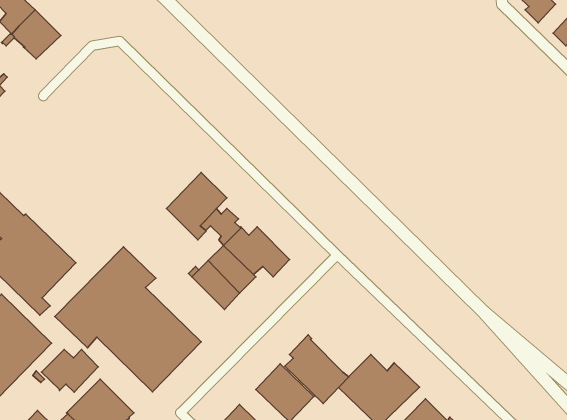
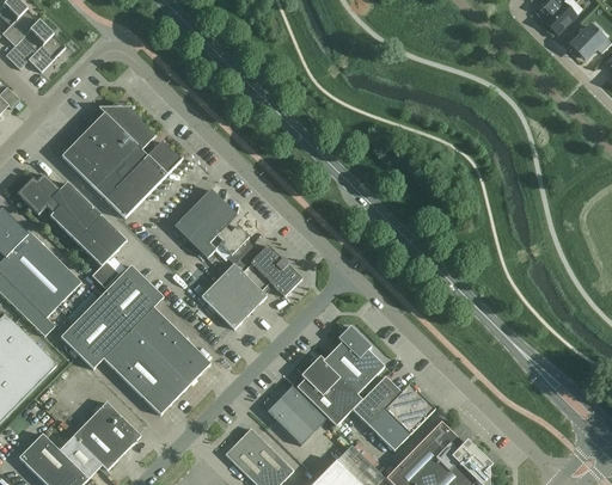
building: none -> [61,102,183,216]
building: none -> [17,173,127,287]
building: none -> [323,325,385,393]
building: [42,349,98,392] -> none

